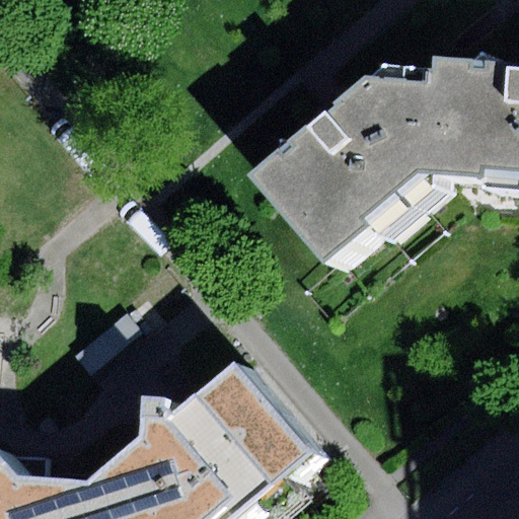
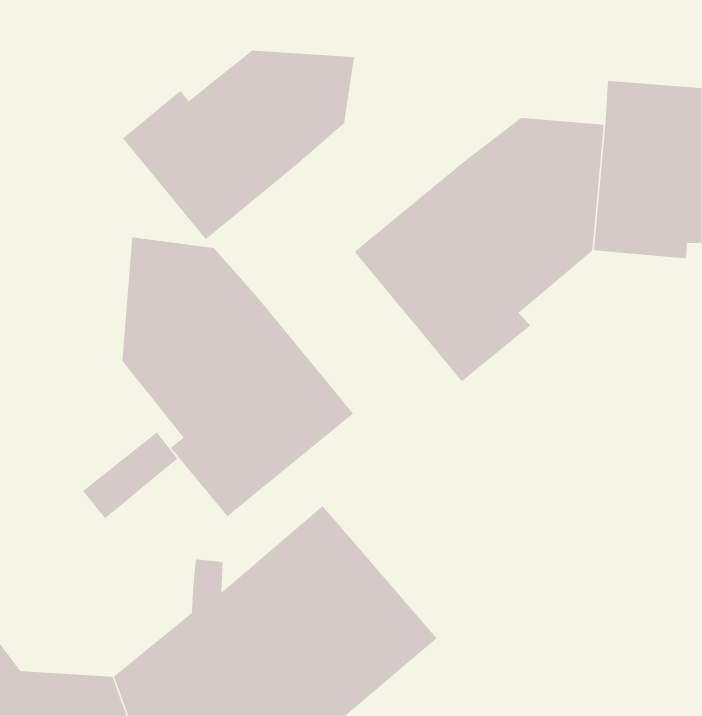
building: none -> [122,50,354,240]
building: none -> [122,236,354,517]

